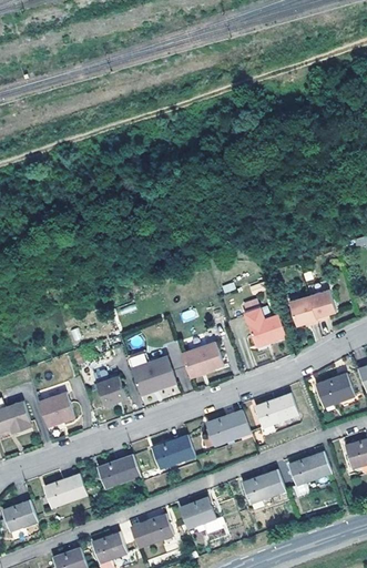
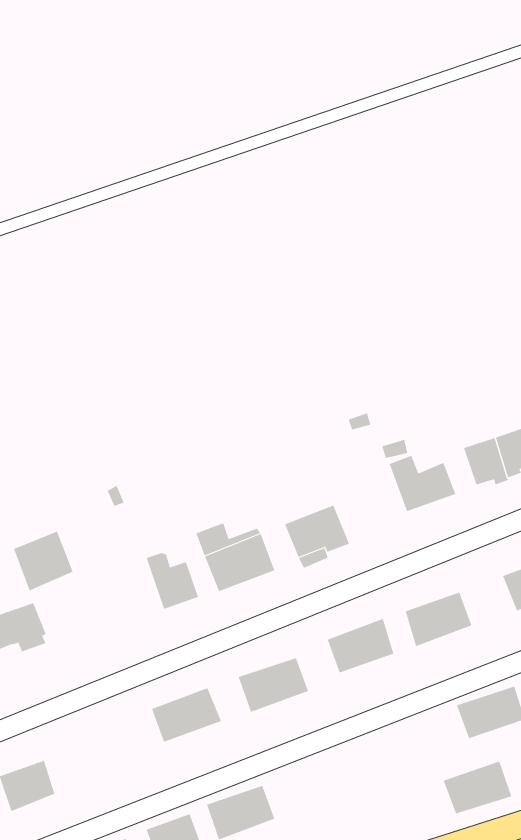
building: [37,389,74,427] -> [13,531,73,591]
building: [242,470,285,504] -> [443,761,512,814]
building: [43,473,86,507] -> none
building: [181,498,216,530] -> none

